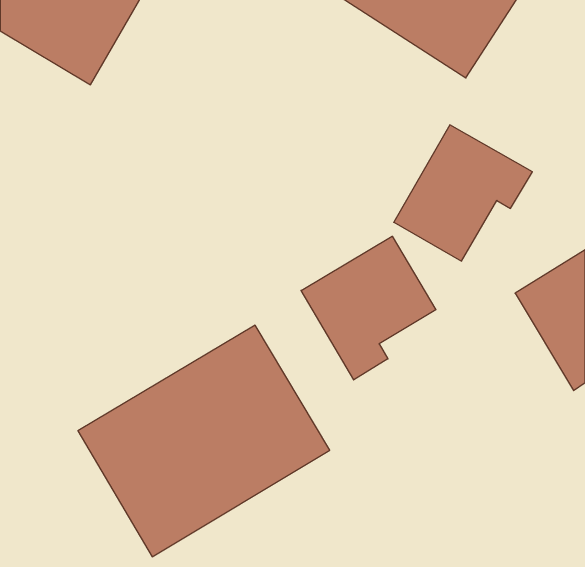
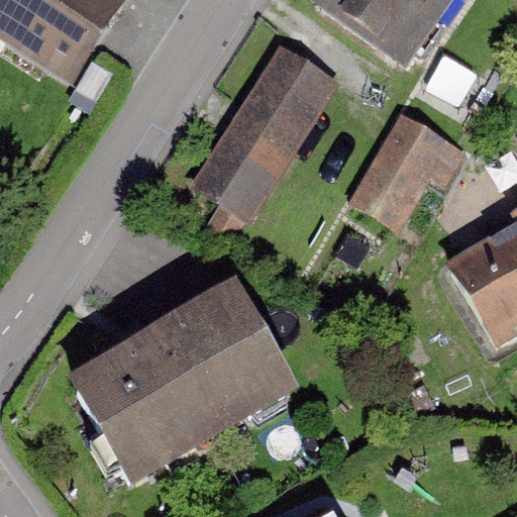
building: none -> [189,42,341,222]
building: [301,236,436,380] -> none

